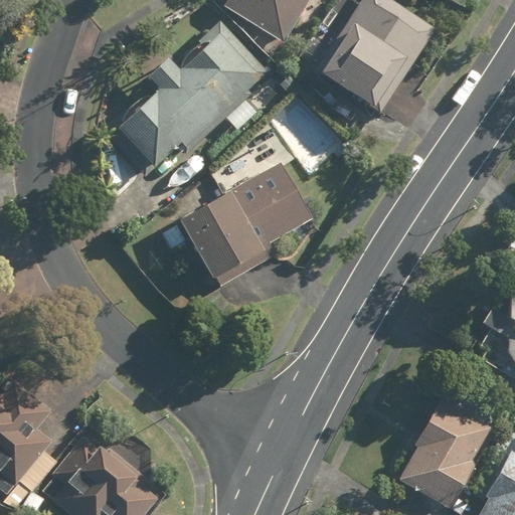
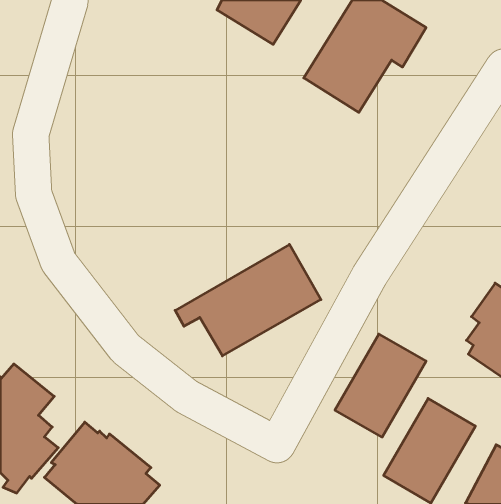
building: [108,23,269,183] -> none
building: [160,168,309,282] -> [175,244,321,356]
building: none -> [335,334,426,437]

